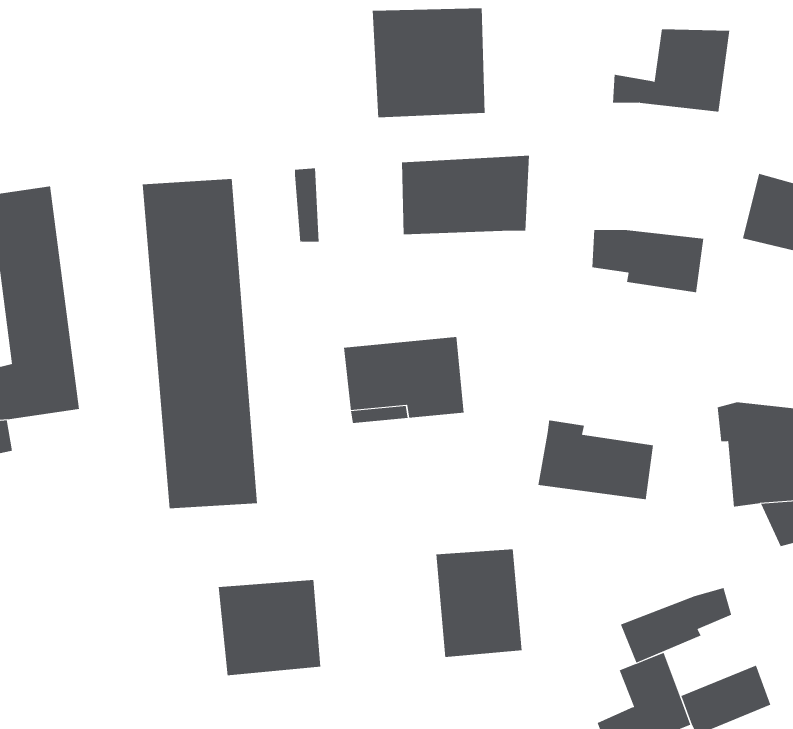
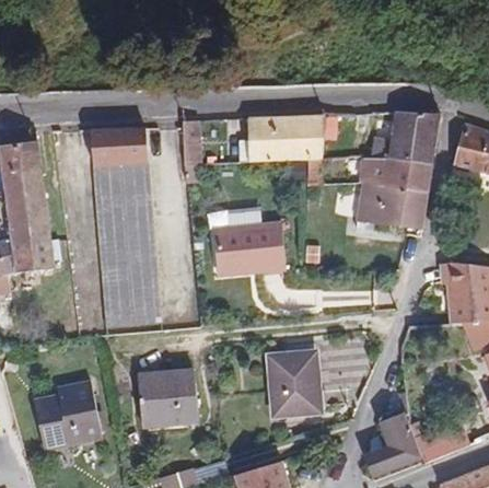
building: [372,7,485,118] -> none
building: [612,29,730,112] -> [365,114,436,164]
building: [538,420,654,500] -> [356,182,426,230]
building: [620,587,732,663] -> none
building: none -> [34,382,103,451]

